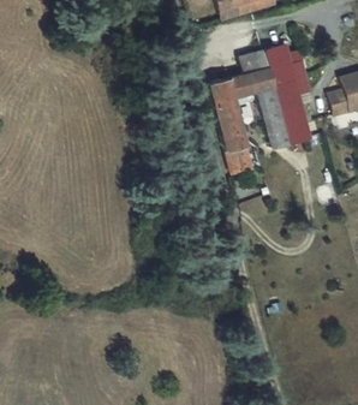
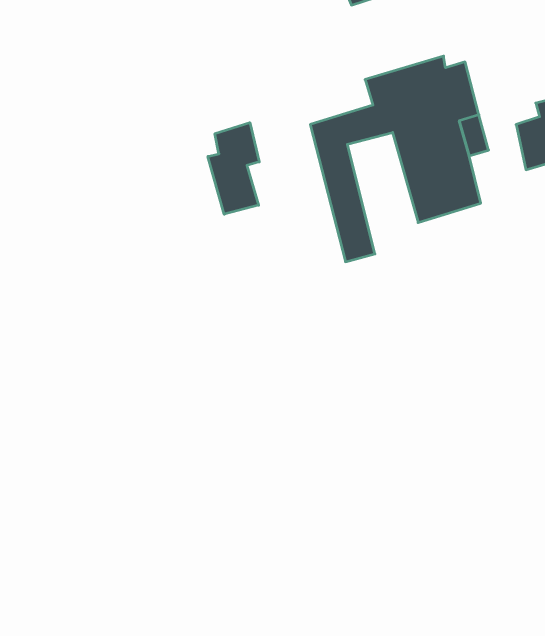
building: none -> [208,123,259,214]

